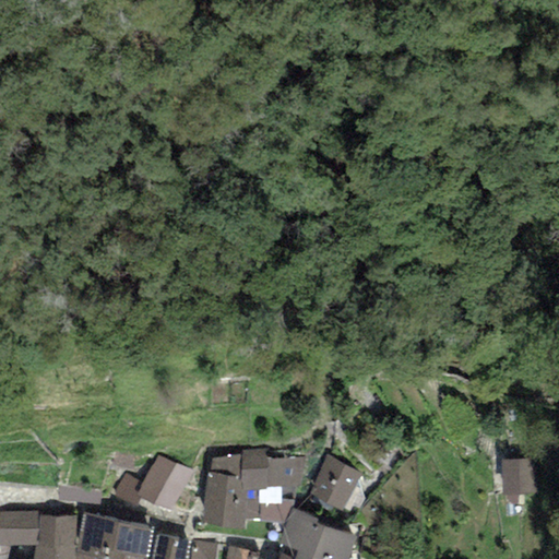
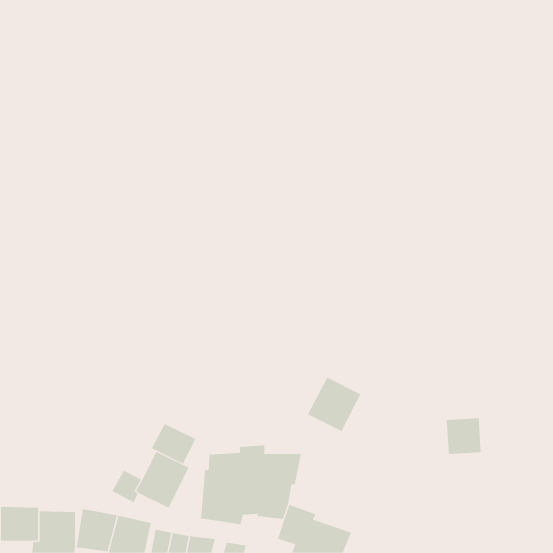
building: none -> [151,423,196,464]
building: [308,455,362,511] -> [307,377,361,432]
building: [500,459,536,496] -> [446,418,482,455]

